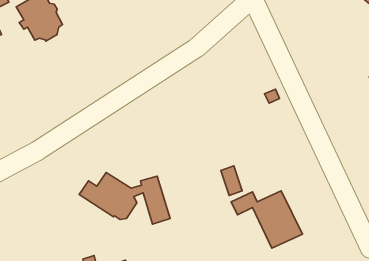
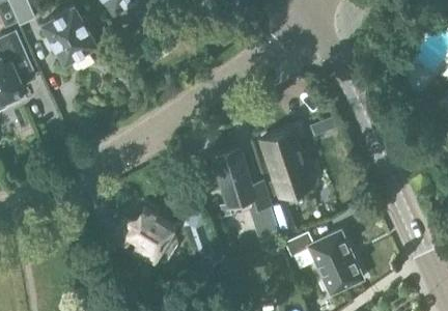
building: none -> [265,131,317,197]
building: none -> [213,147,280,251]

